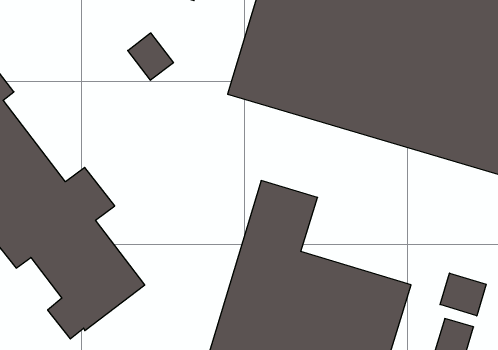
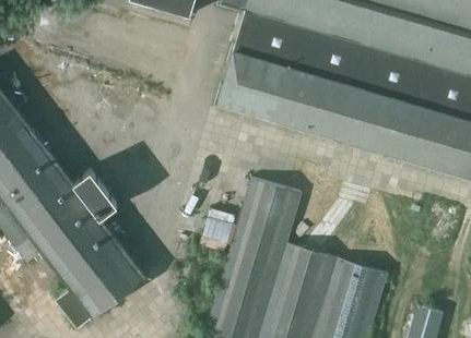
building: [128,33,173,80] -> none
building: [440,273,486,316] -> none

